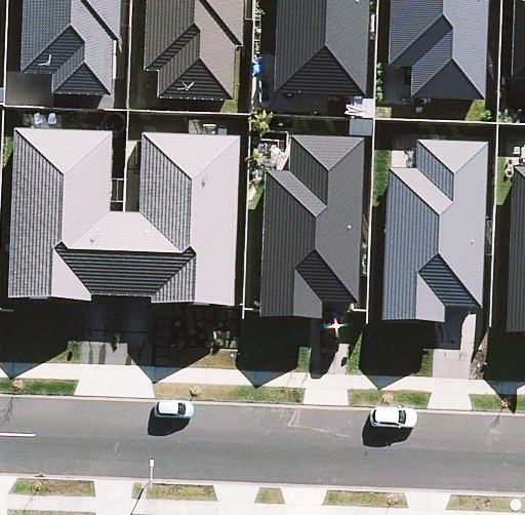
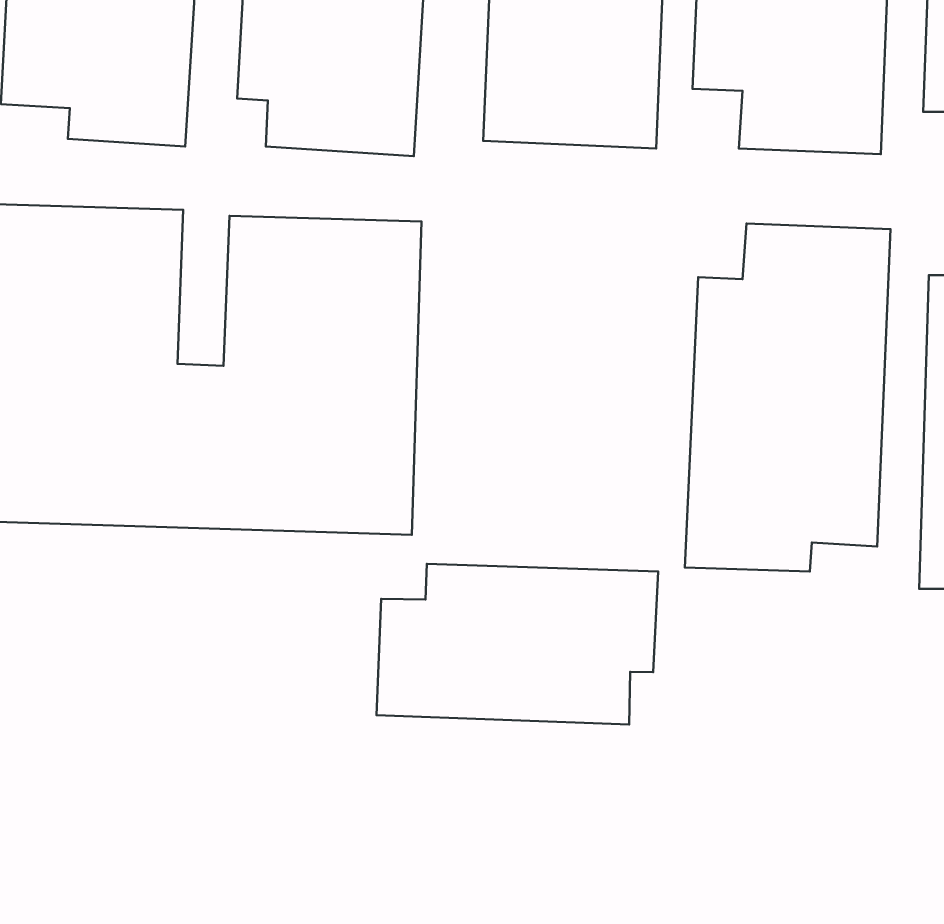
building: [258,133,365,316] -> none
building: none -> [376,564,658,725]

